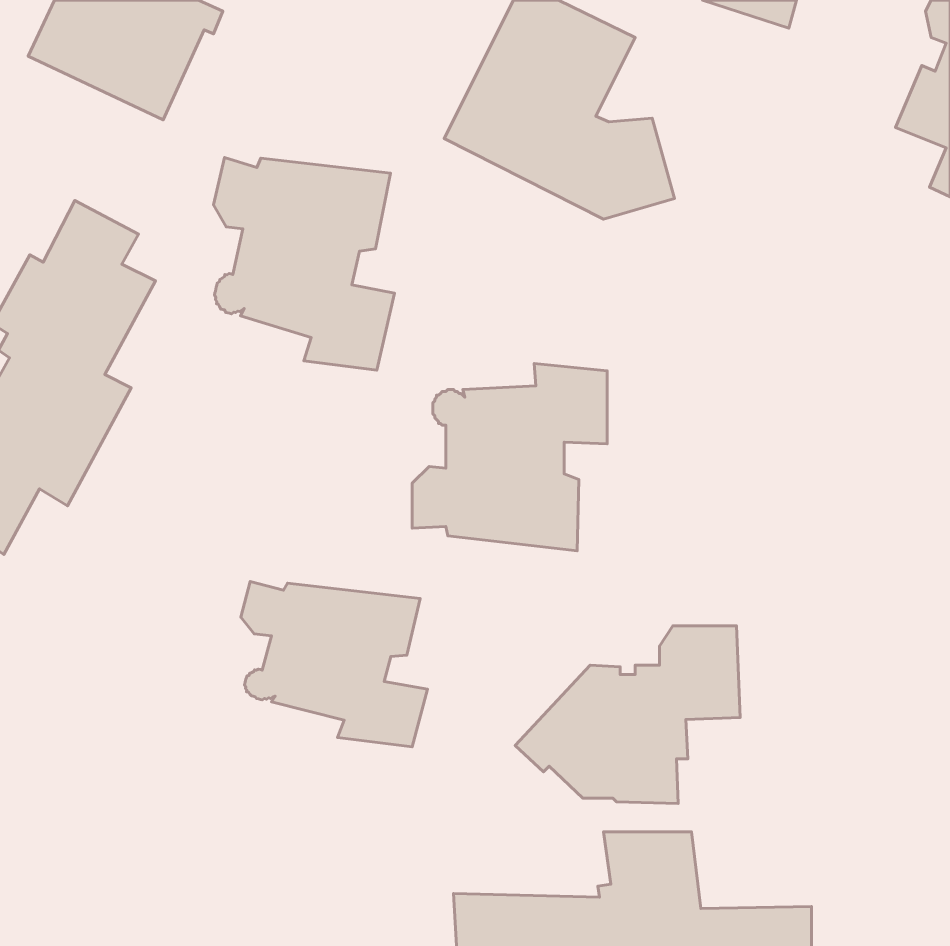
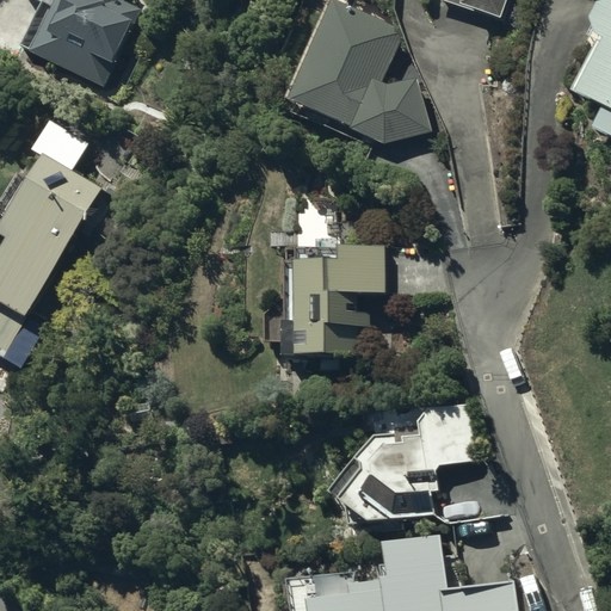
building: [214,157,394,370] -> none
building: [241,581,428,747] -> none

